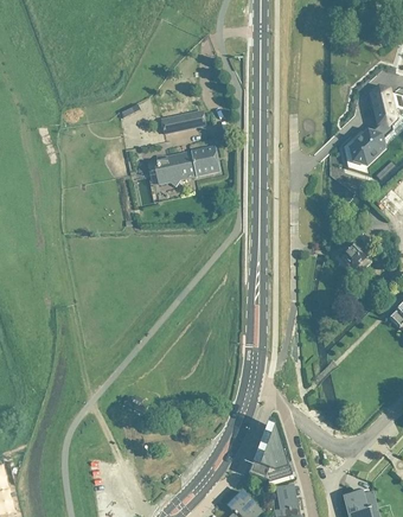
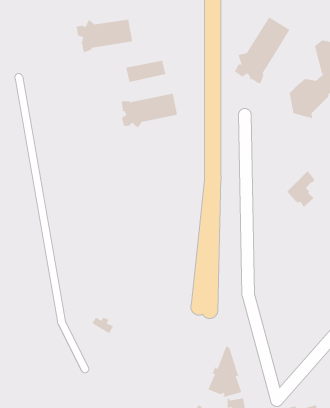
building: none -> [234,16,290,84]
building: none -> [76,19,133,53]

